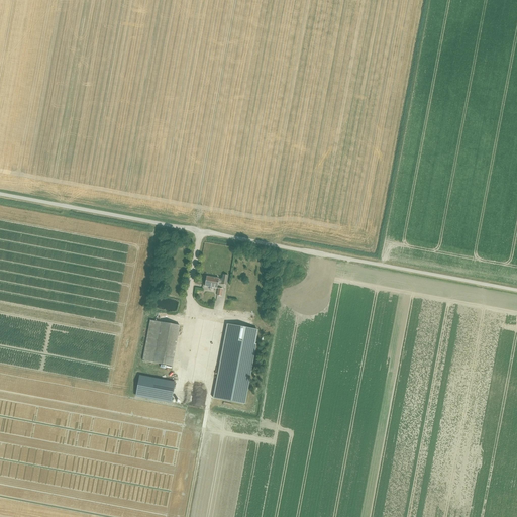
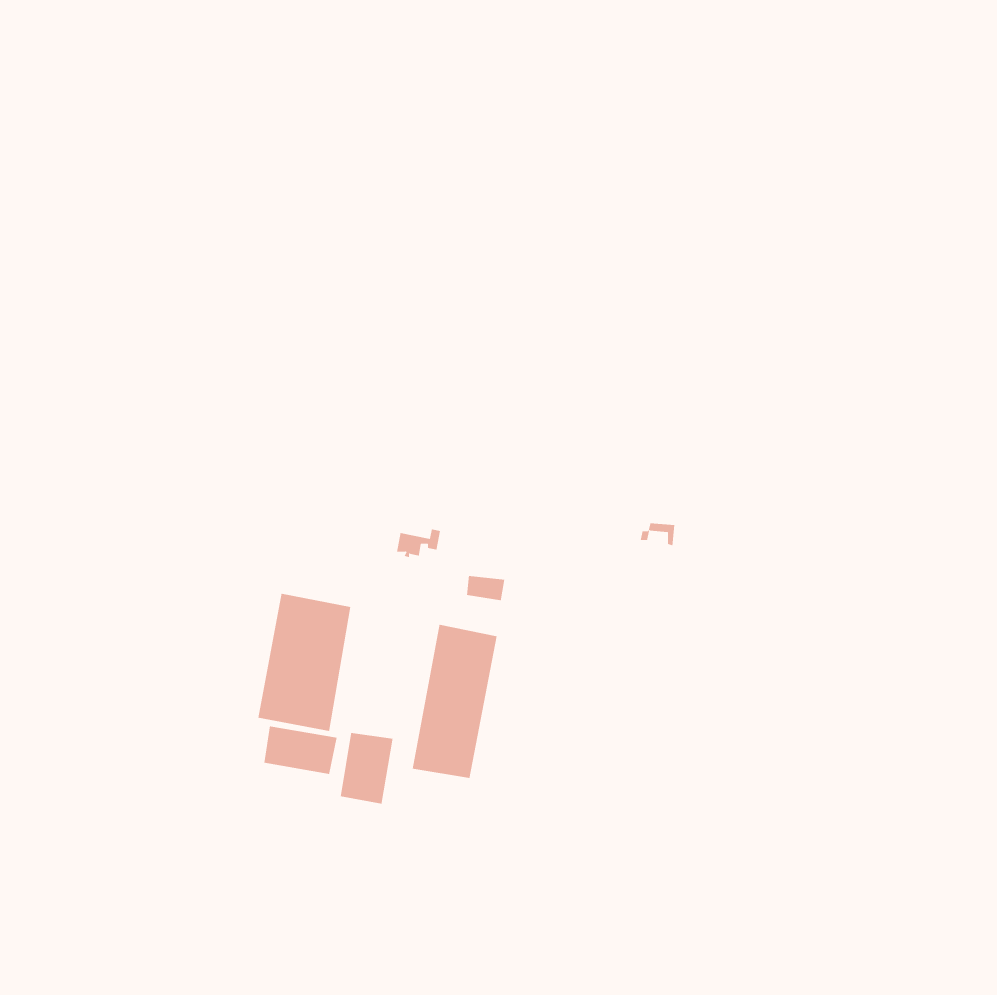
building: none -> [340,732,393,804]

